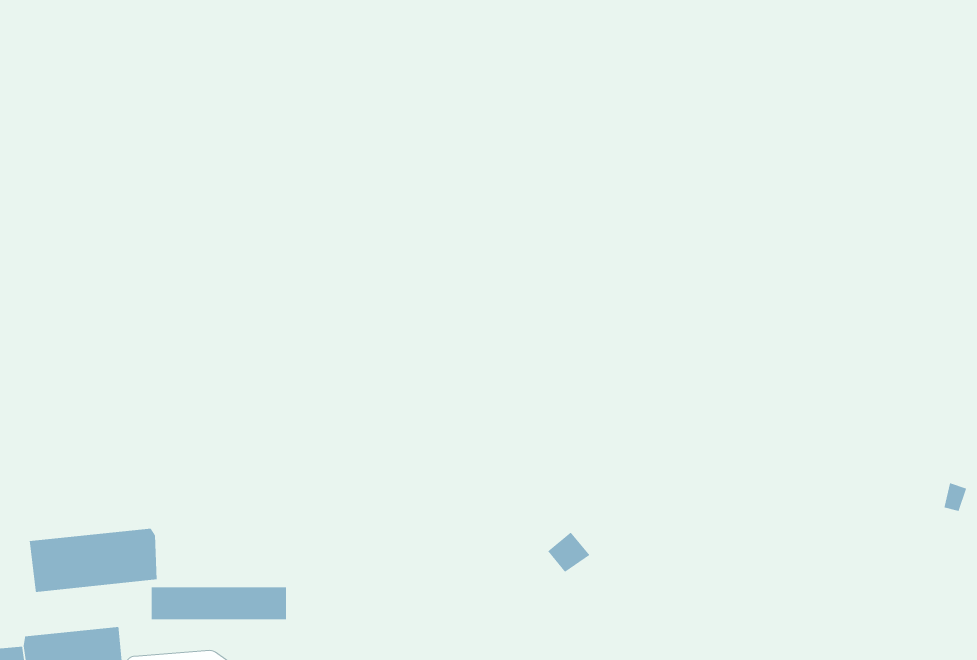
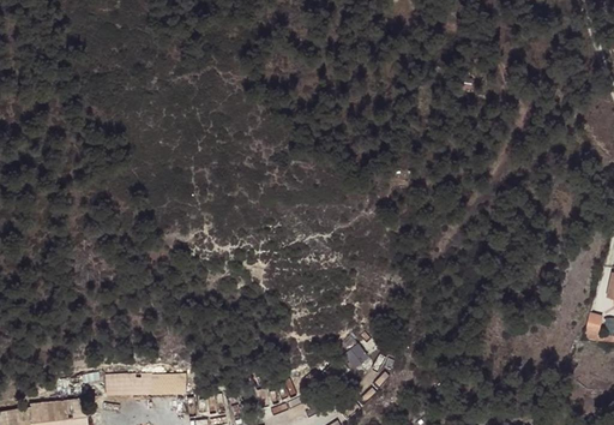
building: [29,528,158,593] -> none

